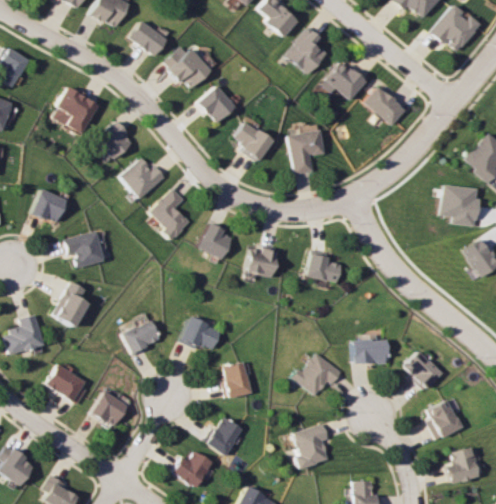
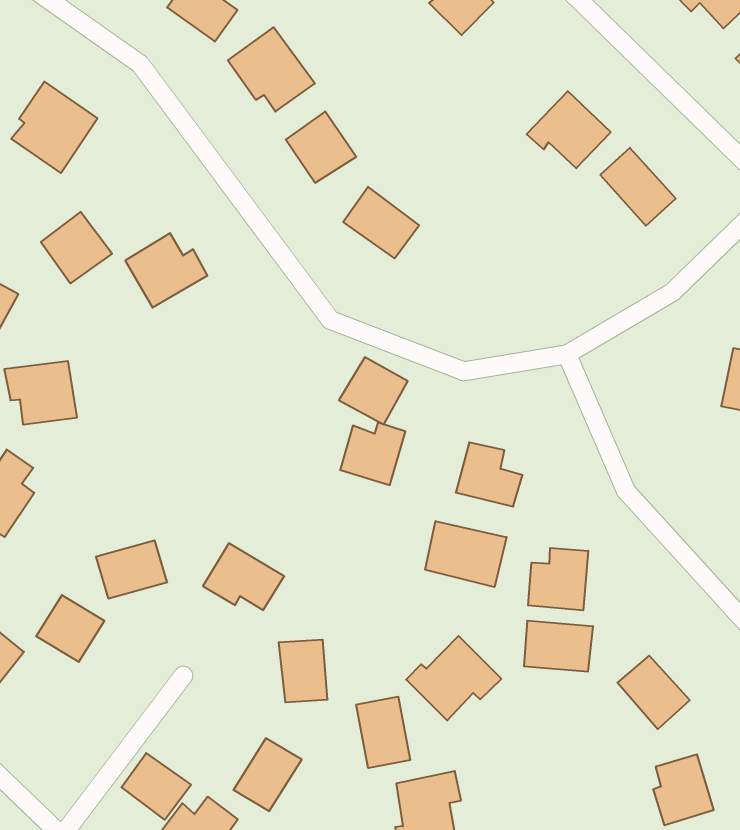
building: [287,27,328,74] -> none
building: [95,121,133,159] -> [41,212,112,283]
building: [289,129,325,174] -> none
building: [150,188,190,241] -> none
building: [198,224,233,258] -> [339,357,408,424]
building: none -> [425,521,507,587]
building: none -> [528,548,588,610]
building: none -> [356,697,410,768]
building: [93,392,128,426] -> [36,595,105,662]
building: none -> [121,753,191,820]

